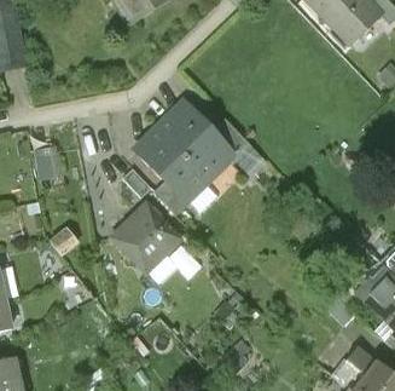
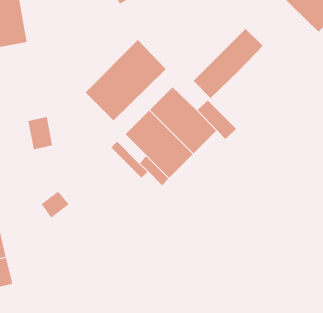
building: none -> [193,28,263,99]
building: none -> [85,39,167,121]
building: [110,202,176,268] -> none

